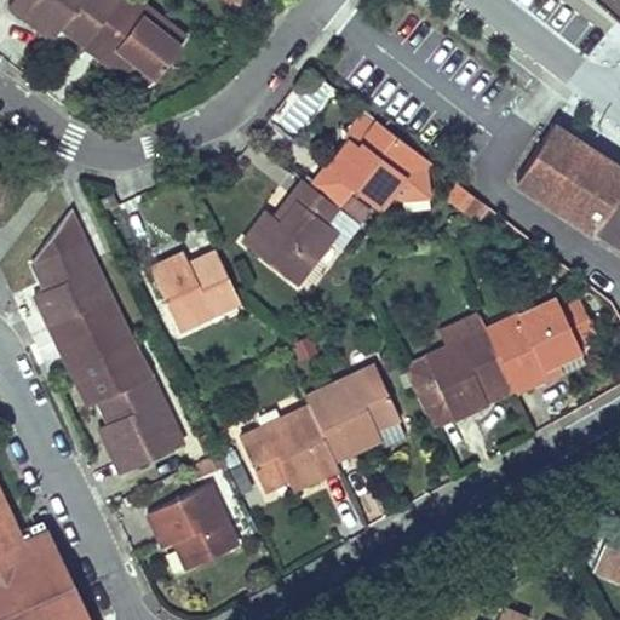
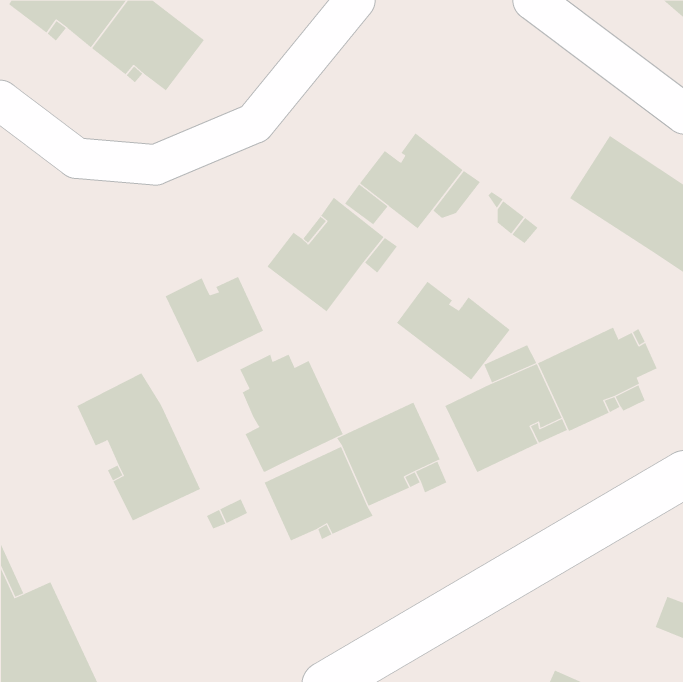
building: [33,211,130,369] -> none
building: none -> [396,281,510,381]
building: none -> [239,354,344,473]
building: [148,484,237,570] -> none

